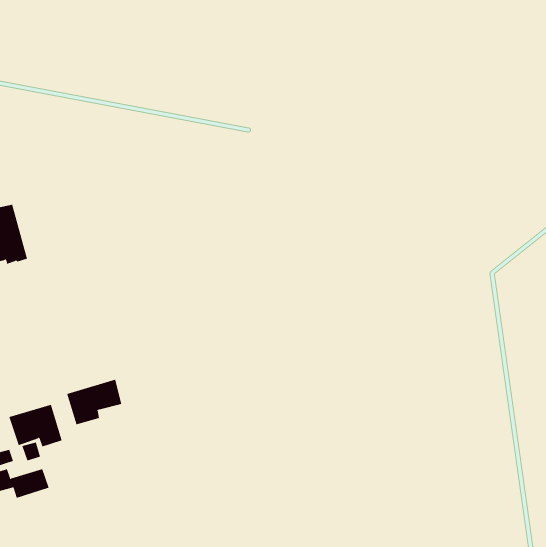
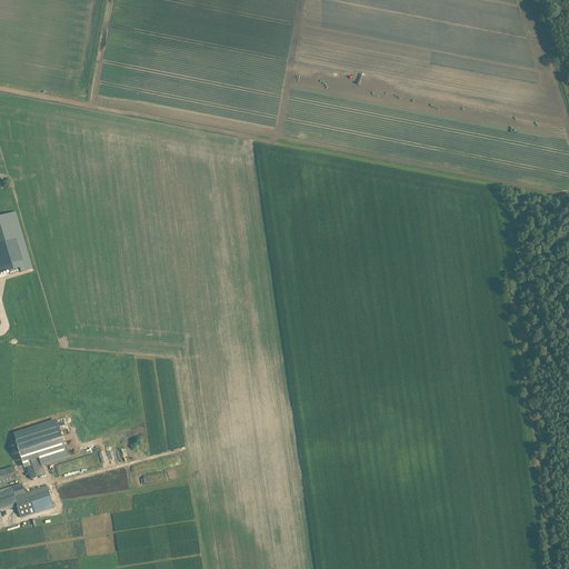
building: [67,379,122,425] -> none

